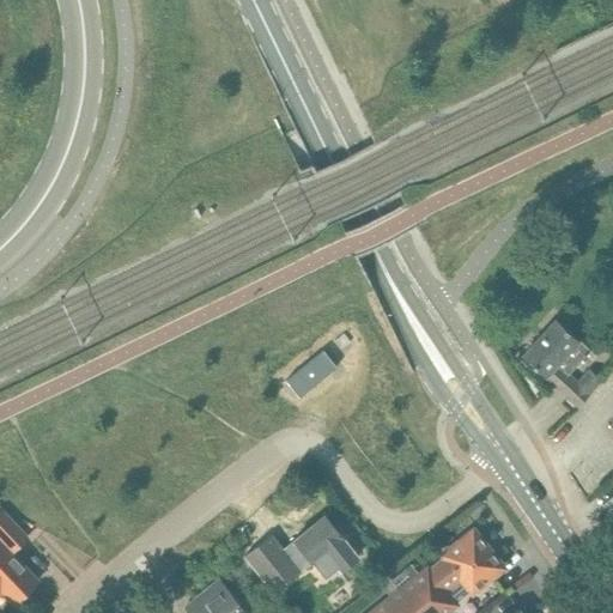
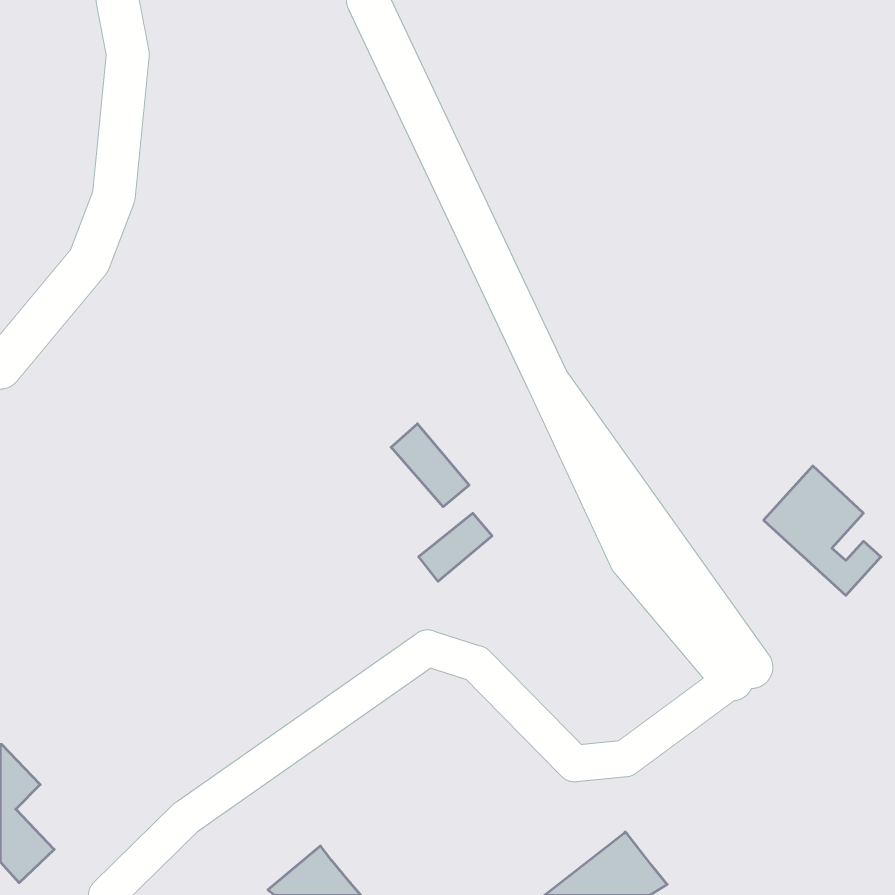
building: none -> [391,424,469,507]
building: [245,516,358,591] -> none
building: [429,532,502,591] -> none

